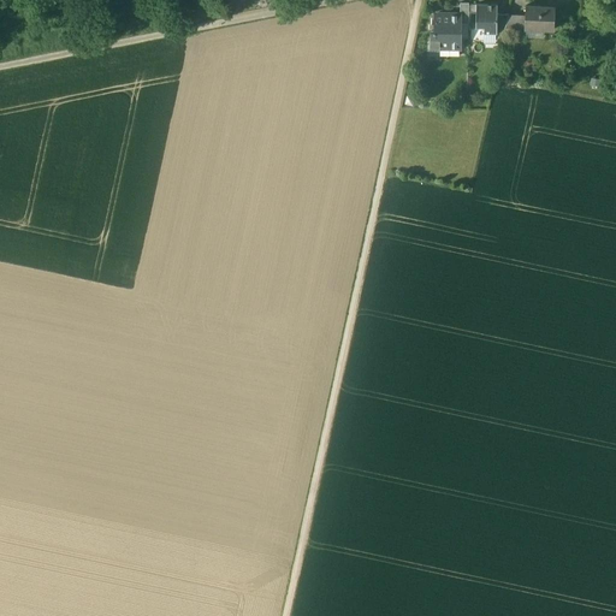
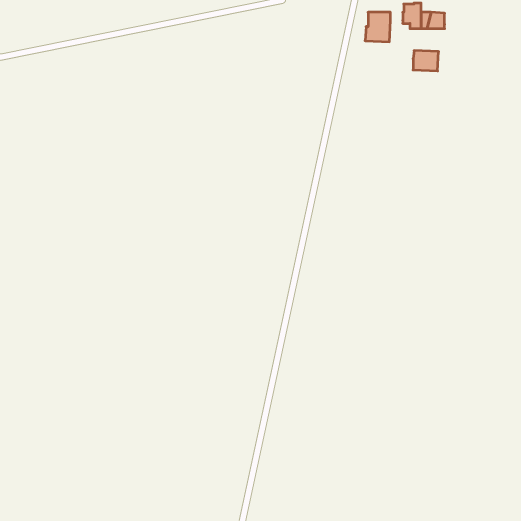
building: [525,6,555,30] -> [413,51,439,71]

